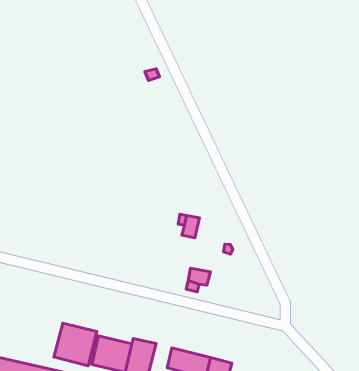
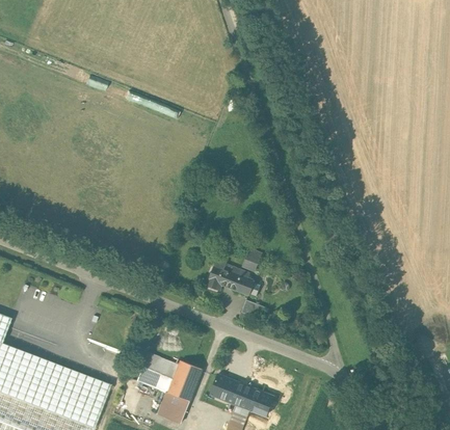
building: none -> [208,259,254,296]
building: [54,323,97,366] -> none

